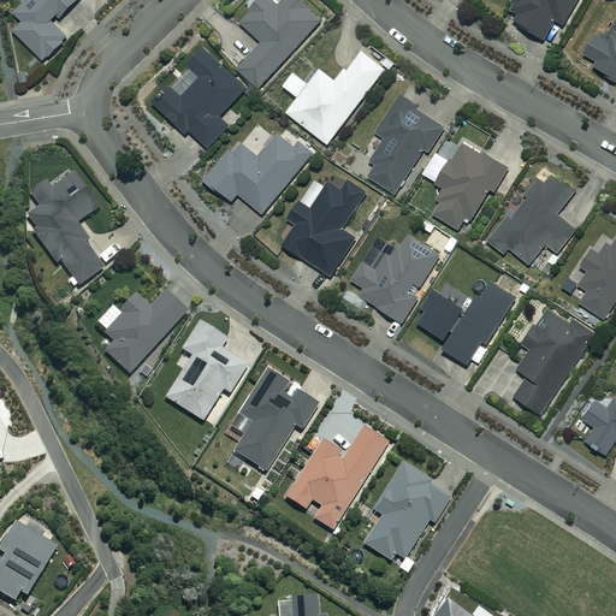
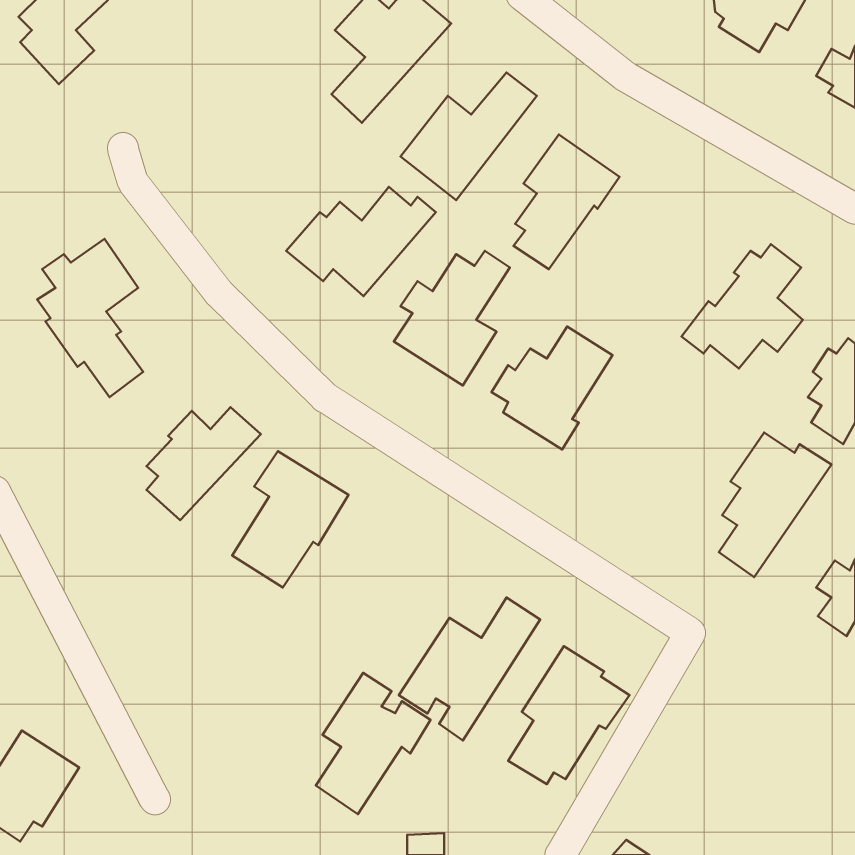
building: [153,47,245,148] -> none
building: [432,140,505,229] -> none
building: [414,283,516,363] -> none
building: [233,369,315,470] -> [316,673,430,814]

